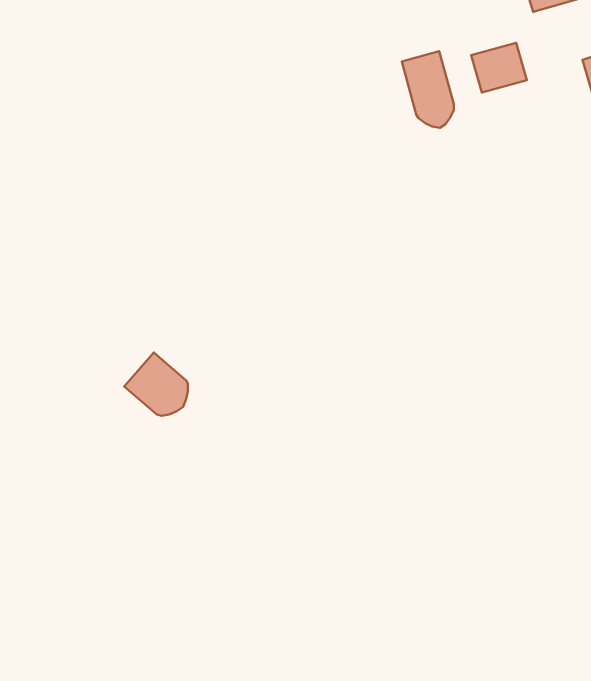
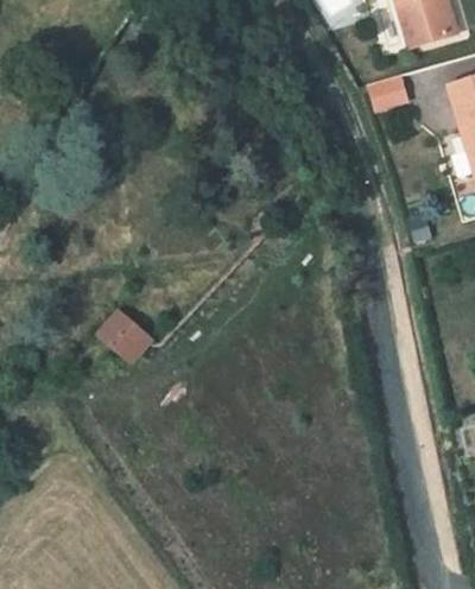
building: [402,51,454,128] -> none

